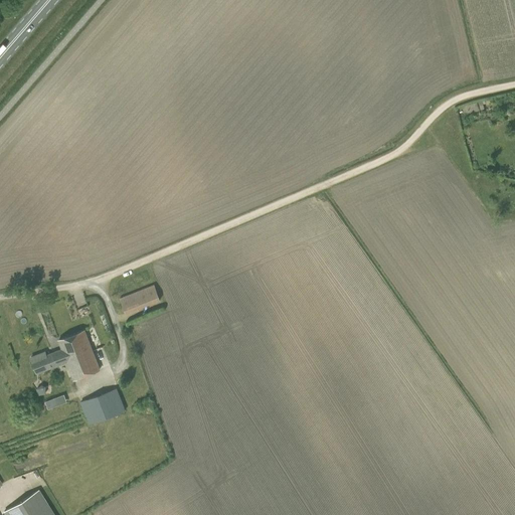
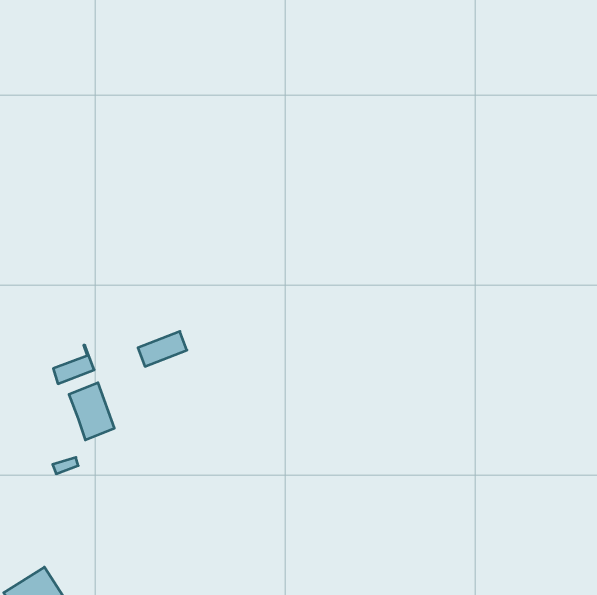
building: [32,341,67,374] -> [53,345,94,384]
building: [79,389,126,425] -> none

